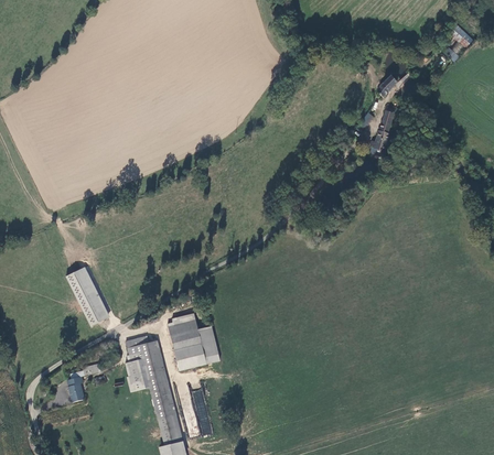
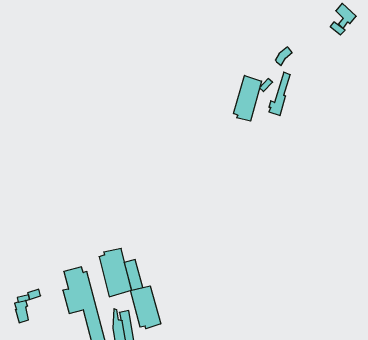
building: none -> [234,75,262,121]
building: [66,268,106,325] -> none
building: none -> [130,286,161,329]

